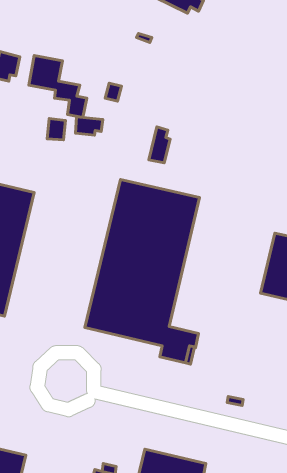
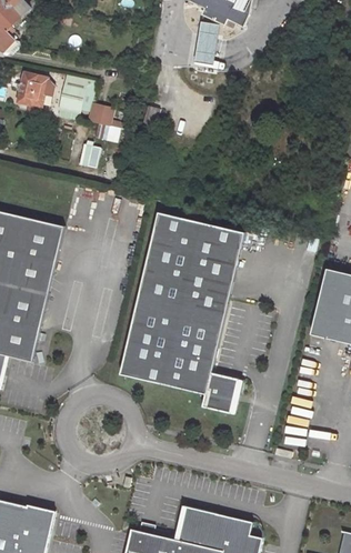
building: none -> [195,22,220,63]
building: [75,117,103,135] -> none
building: [149,127,170,163] -> none

